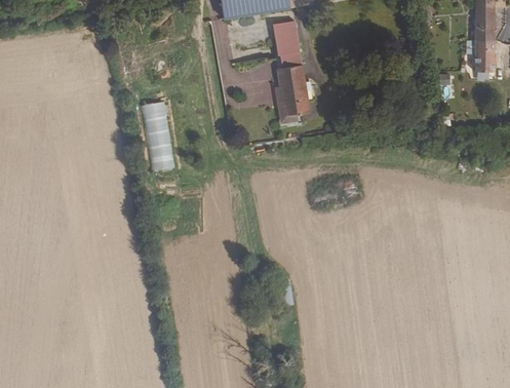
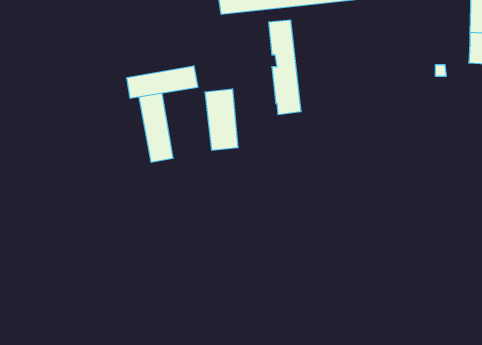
building: none -> [127,66,198,98]
building: none -> [205,89,238,150]

